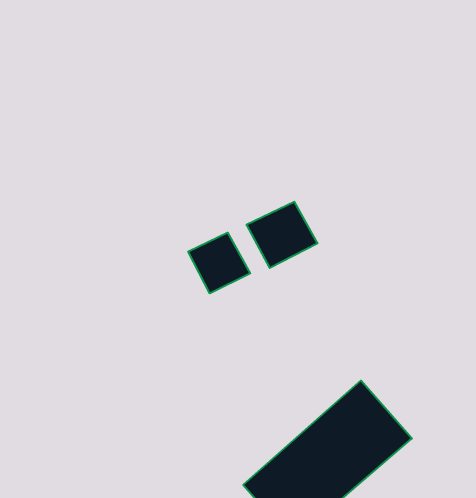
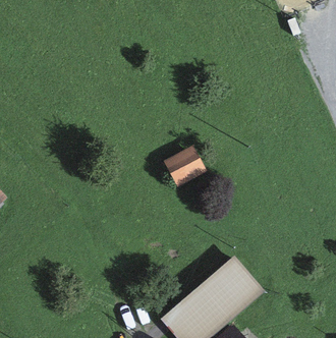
building: [188,233,250,293] -> none

